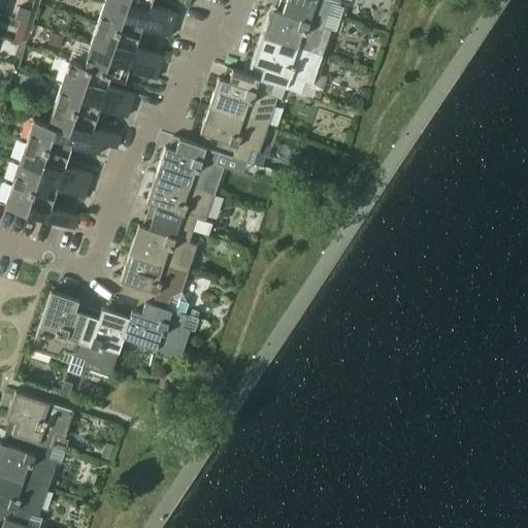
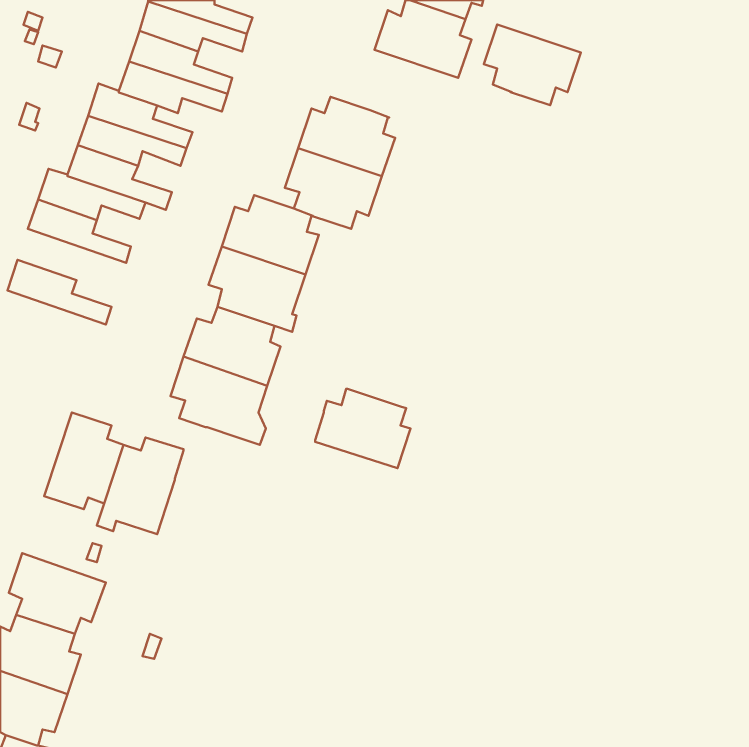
building: [255,37,323,94] -> [484,24,581,105]
building: [13,163,90,199] -> none
building: [124,302,191,358] -> [315,389,411,468]

